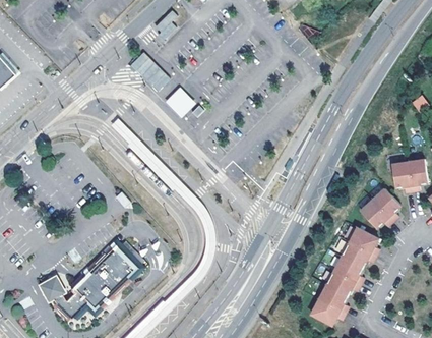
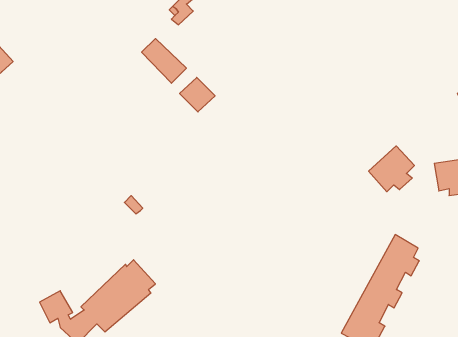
building: [359,187,399,228] -> [369,146,414,192]

